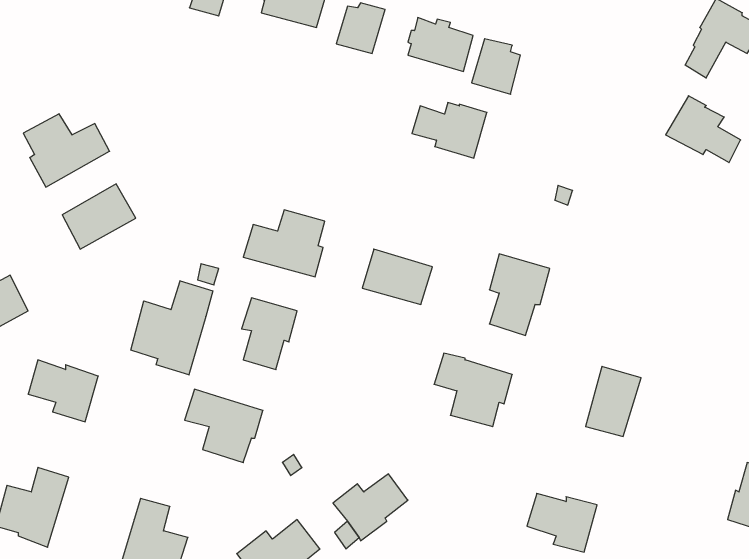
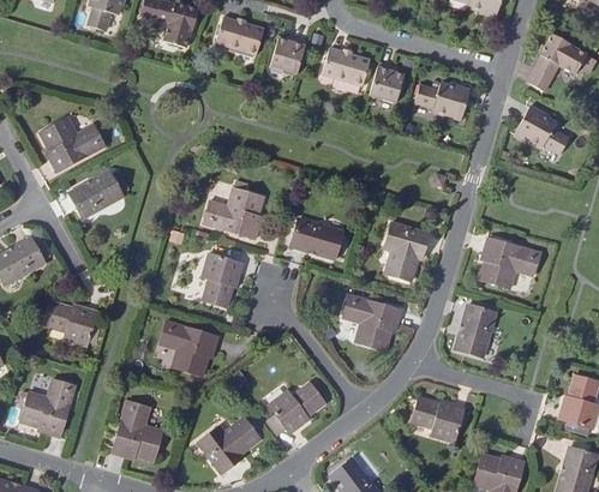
building: [412,103,487,158] -> [414,79,469,120]
building: none -> [479,238,539,287]
building: [131,281,213,375] -> none

